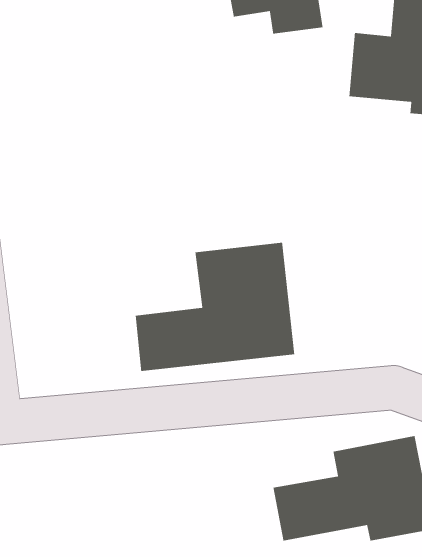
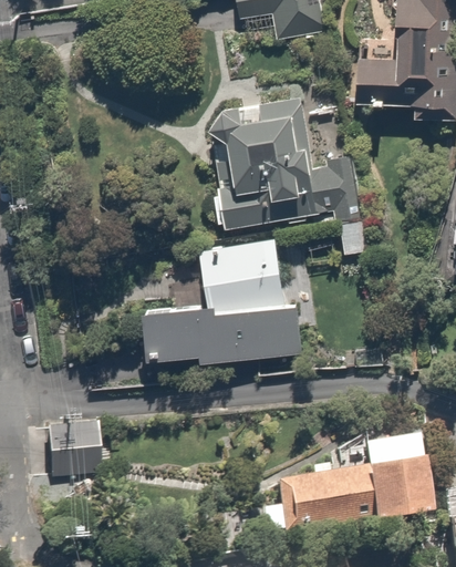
building: none -> [211,89,369,251]
building: none -> [42,420,104,483]

